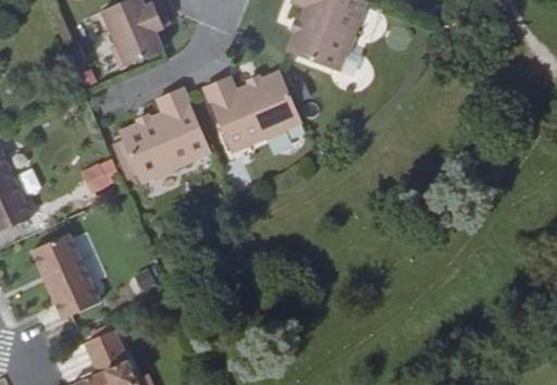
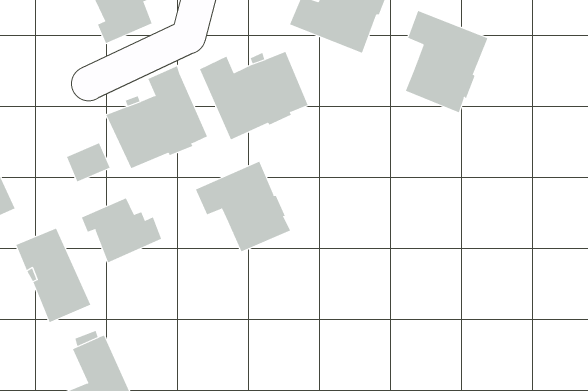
building: none -> [405,10,488,113]
building: none -> [195,161,291,252]
building: none -> [81,198,162,263]

